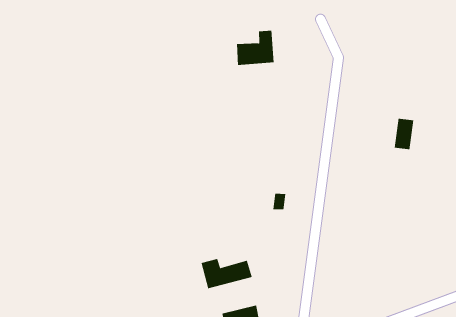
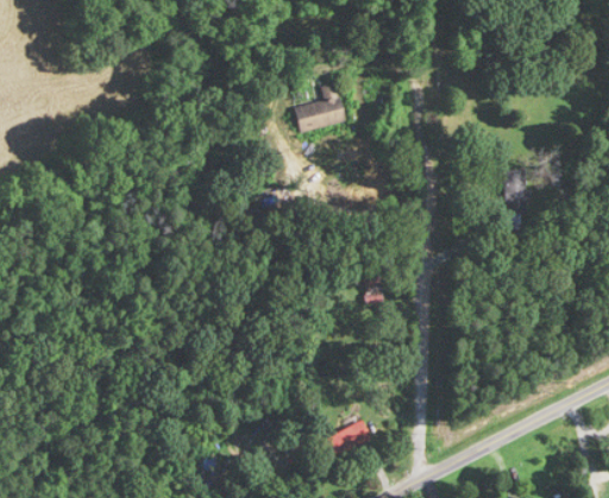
building: [201,258,253,289] -> none

